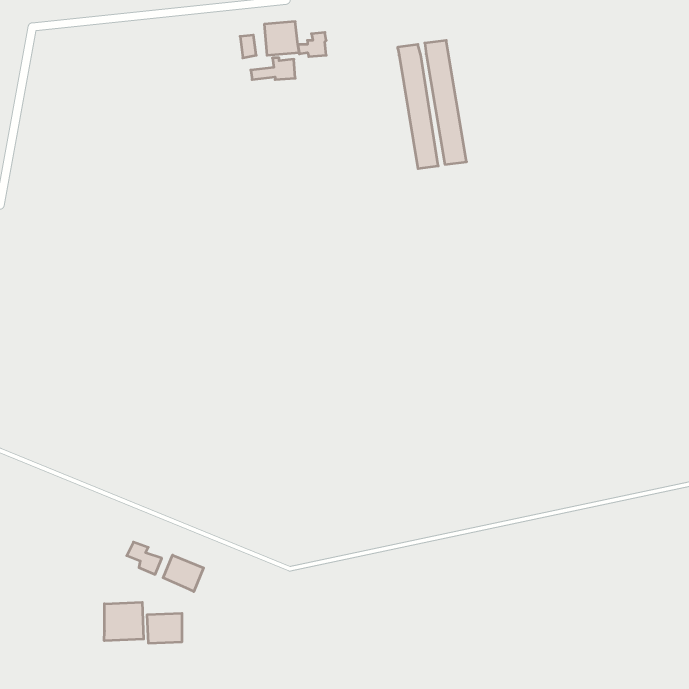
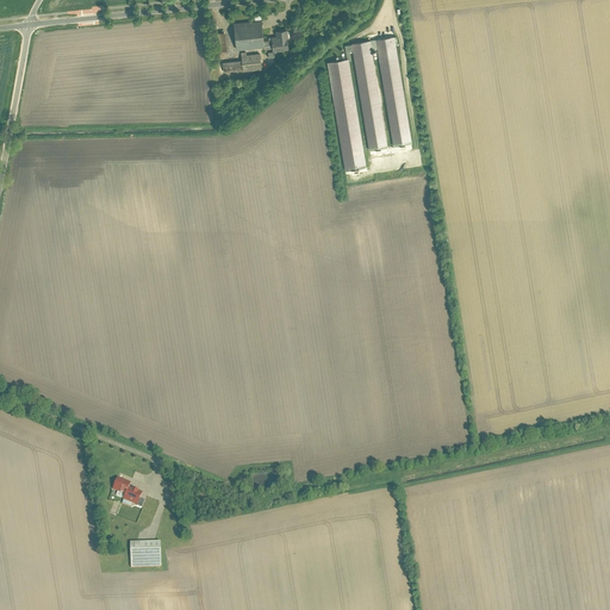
building: none -> [328,57,366,170]
building: [163,555,204,592] -> none
building: [104,602,144,641] -> none

